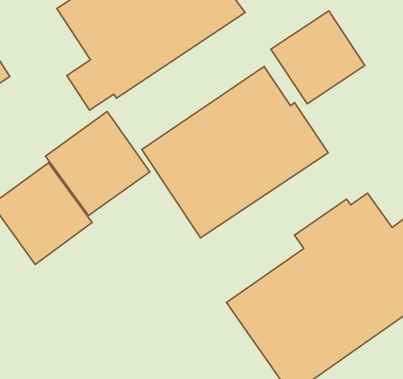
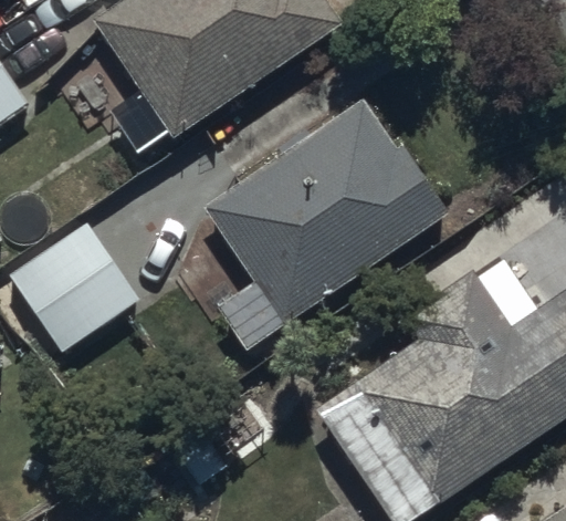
building: [271,11,365,104] -> none
building: [45,112,150,216] -> none

